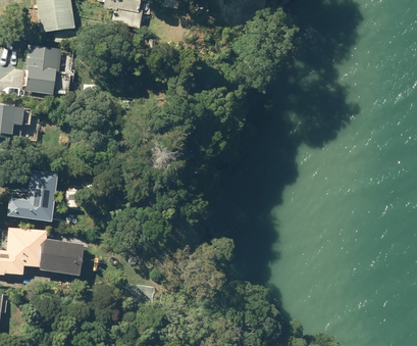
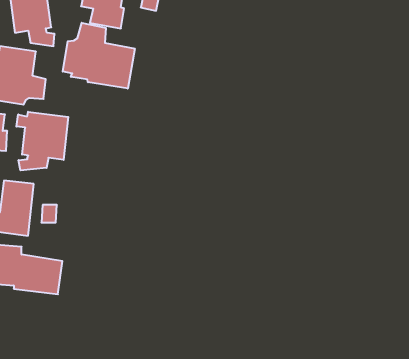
building: none -> [63,23,135,89]
building: none -> [16,112,68,170]

